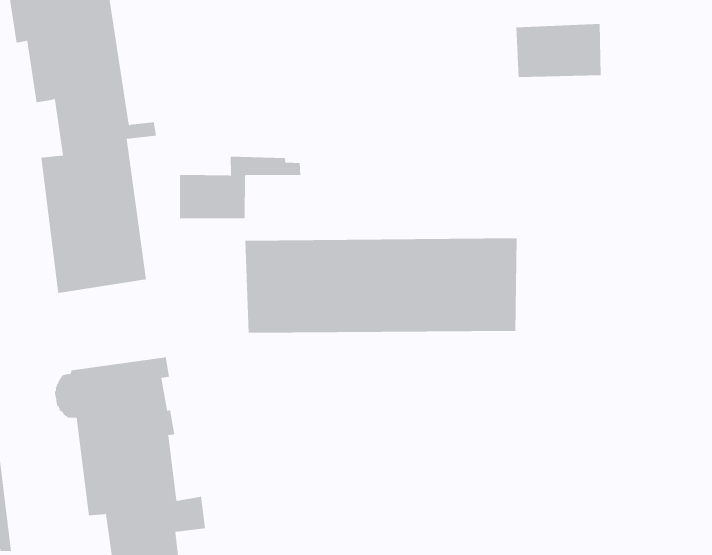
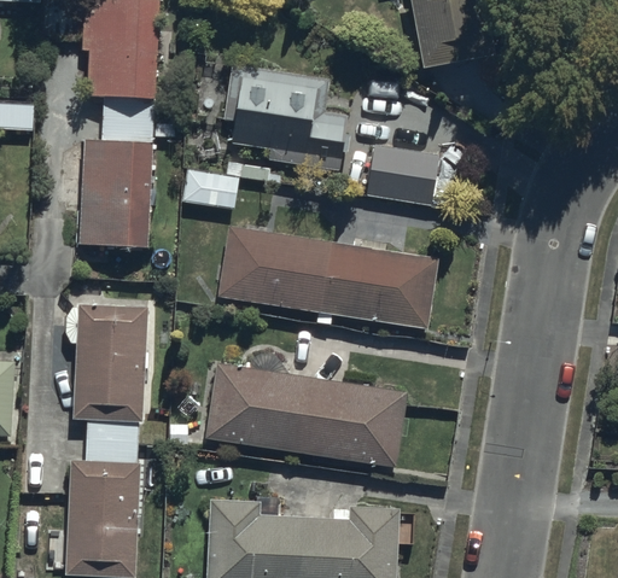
building: [516,24,601,77] -> [368,147,438,195]
building: none -> [222,64,349,174]
building: none -> [204,361,406,467]

